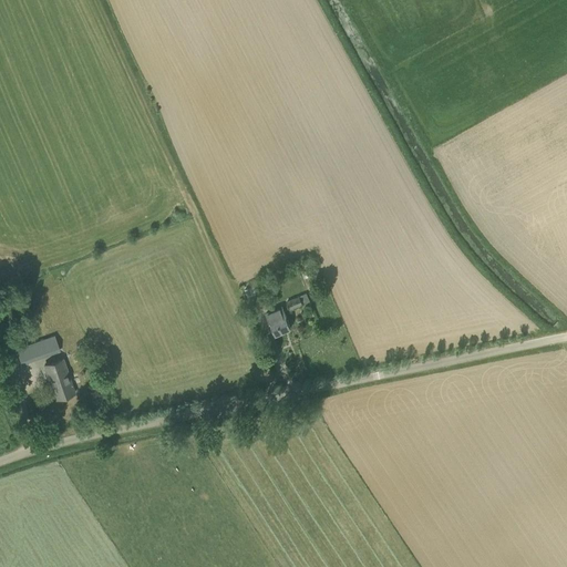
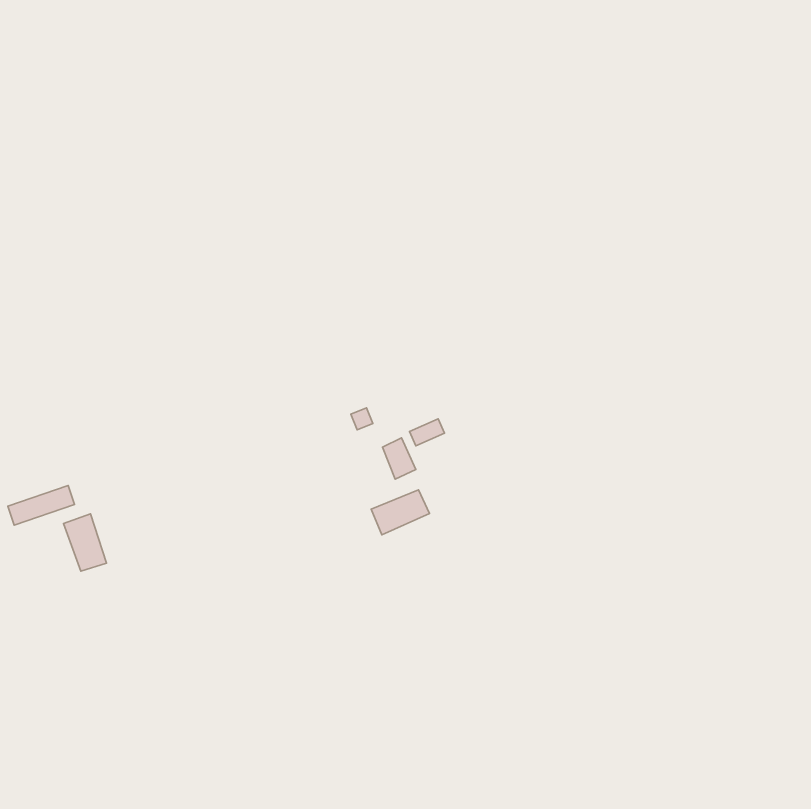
building: none -> [371,490,430,535]

